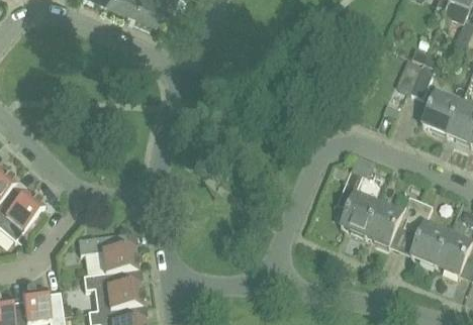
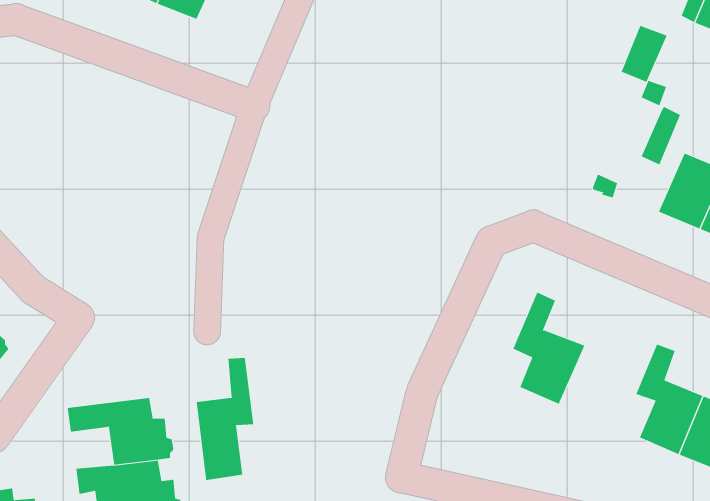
building: [397,61,424,94] -> [621,25,668,82]
building: [365,198,421,248] -> none
building: none -> [196,357,254,481]

